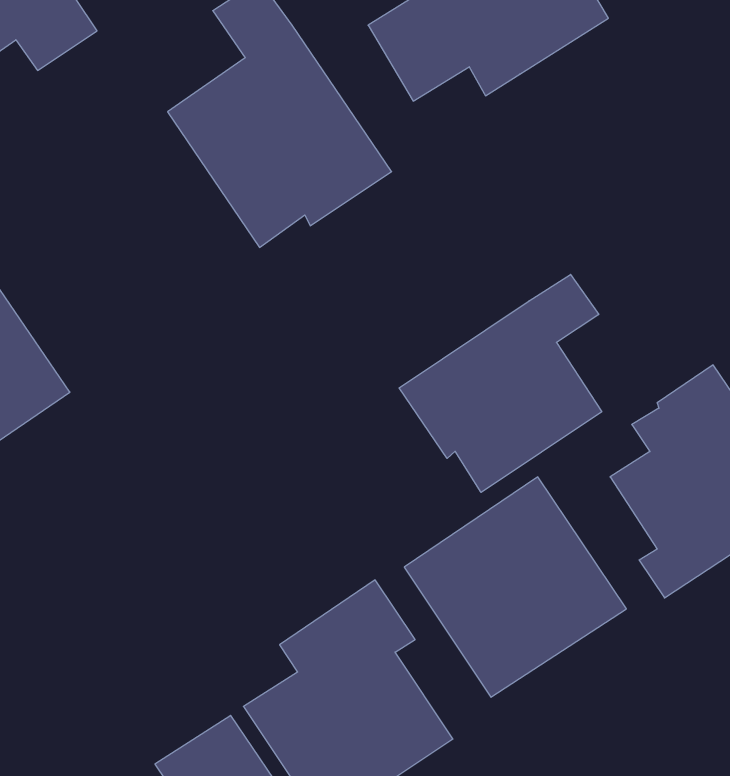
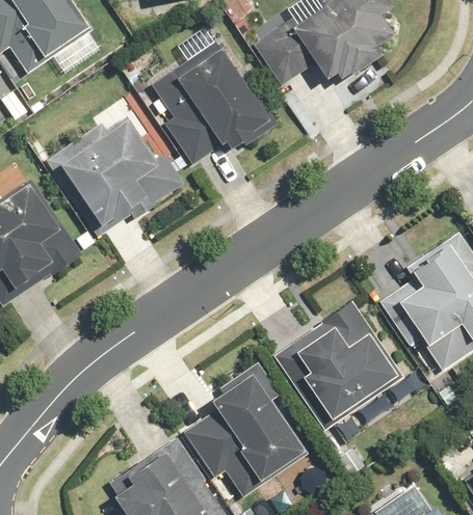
building: none -> [50,108,181,237]
building: [399,274,602,492] -> none

